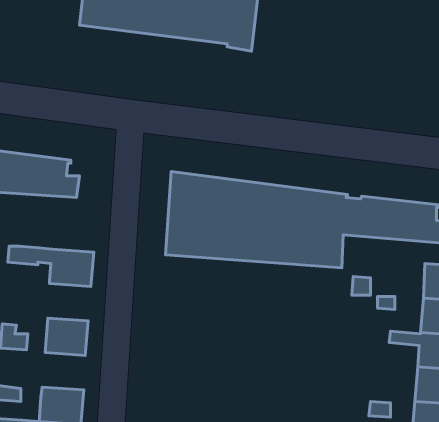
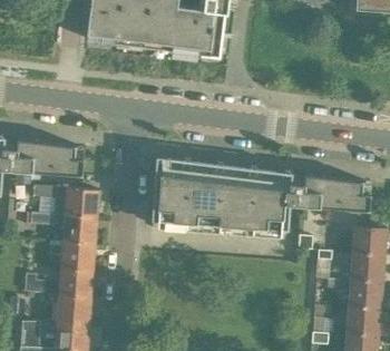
building: none -> [31,185,97,217]
building: none -> [60,242,94,271]
building: none -> [46,294,89,324]

